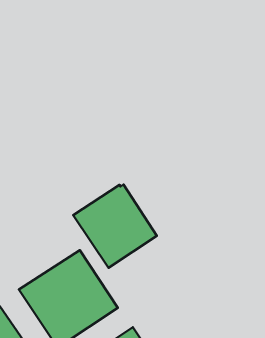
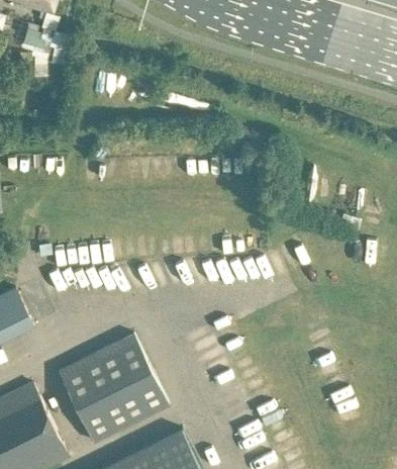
building: [73,185,157,268] -> none

